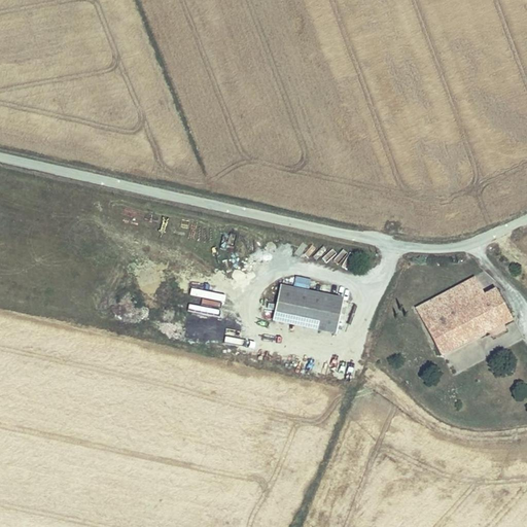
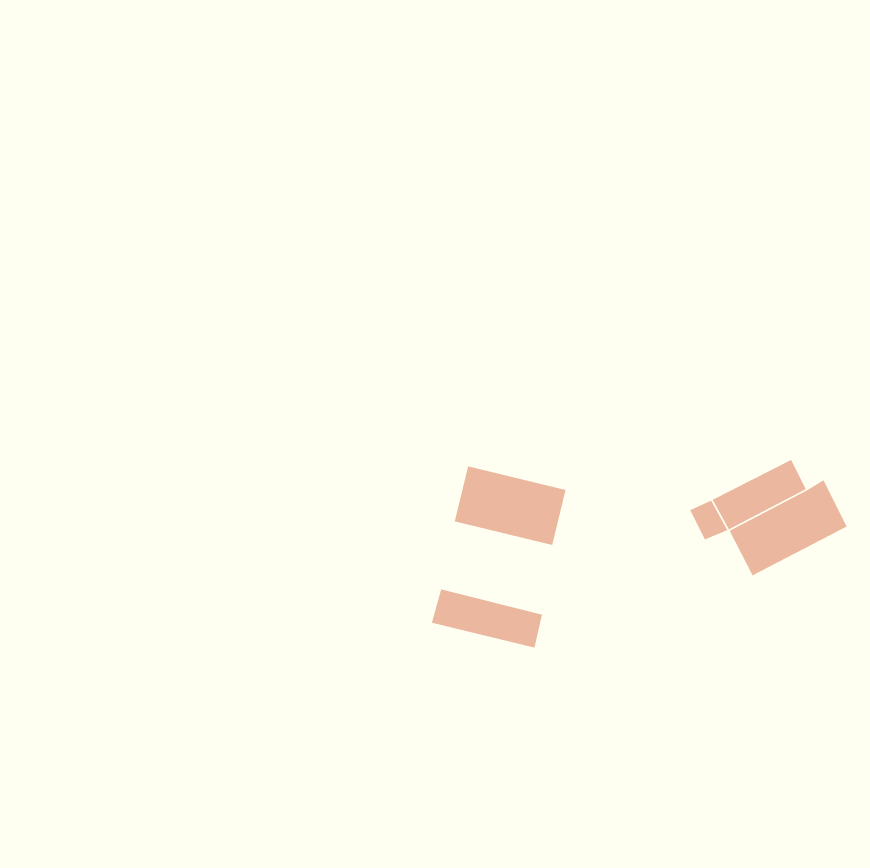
building: [425,320,454,355] -> none
building: none -> [431,589,543,648]

